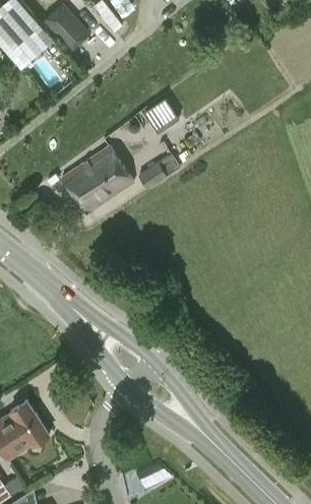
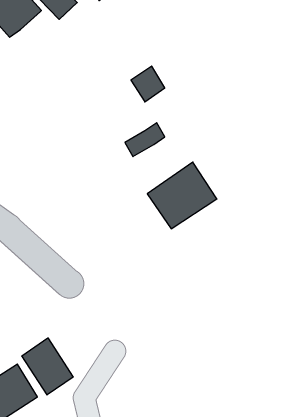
building: [62,146,133,214] -> [147,162,217,229]
building: none -> [22,338,73,395]

